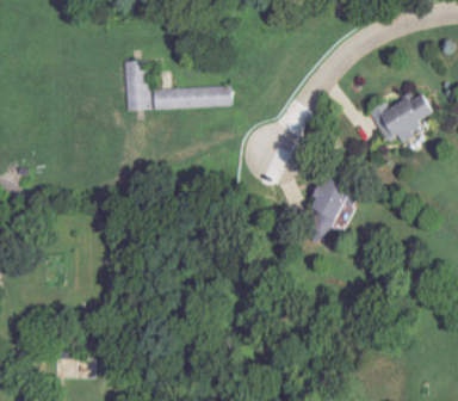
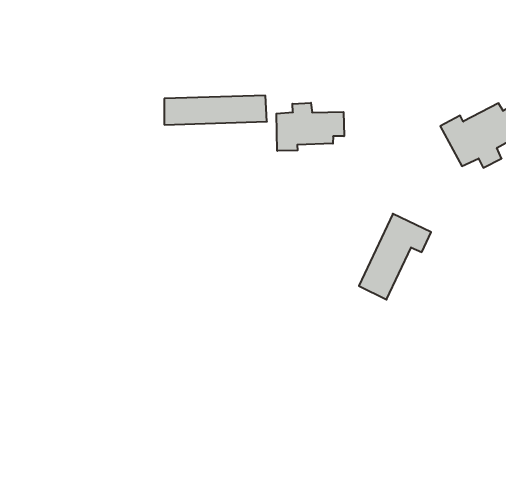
building: [123,60,149,110] -> none
building: none -> [276,103,344,151]

